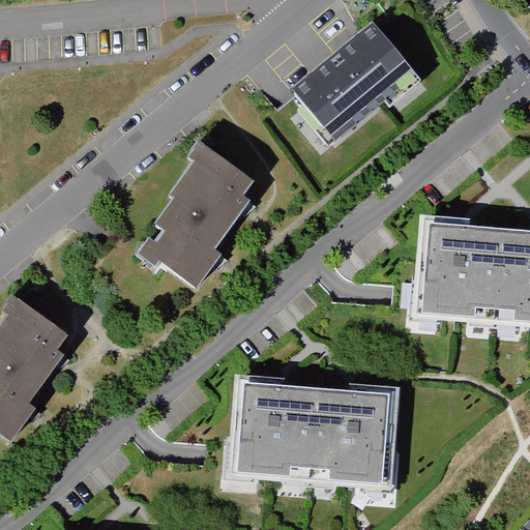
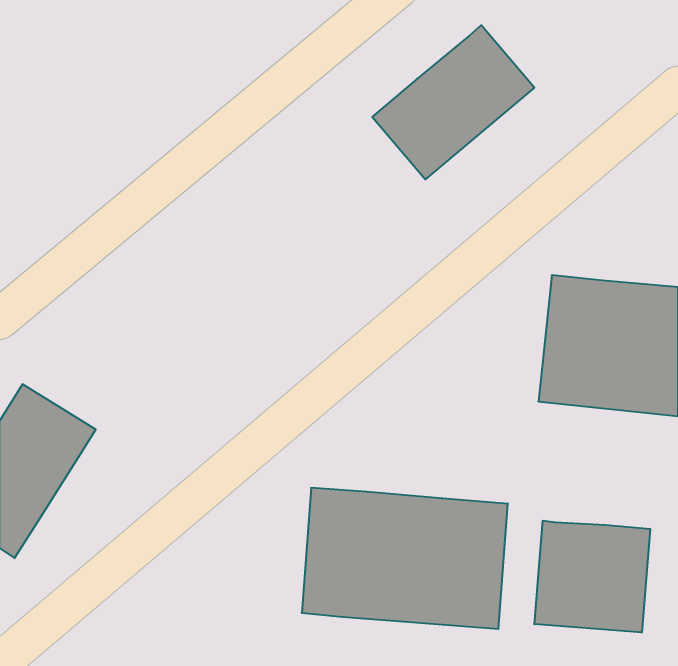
building: [140,145,261,284] -> none
building: none -> [534,521,650,633]

